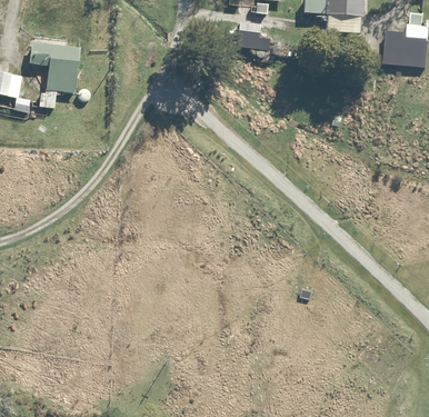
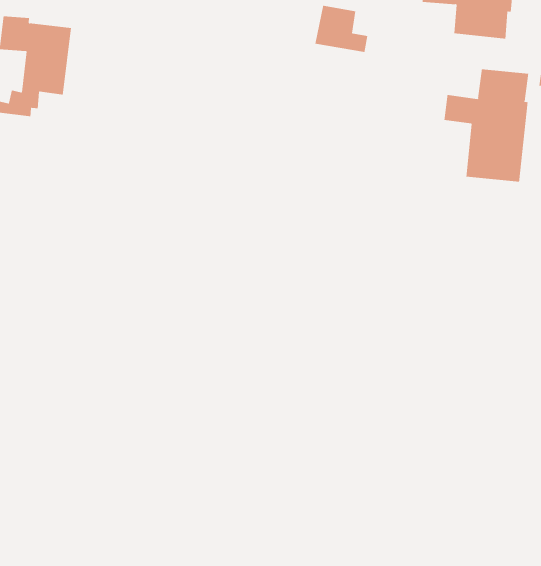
building: none -> [444,69,529,183]

